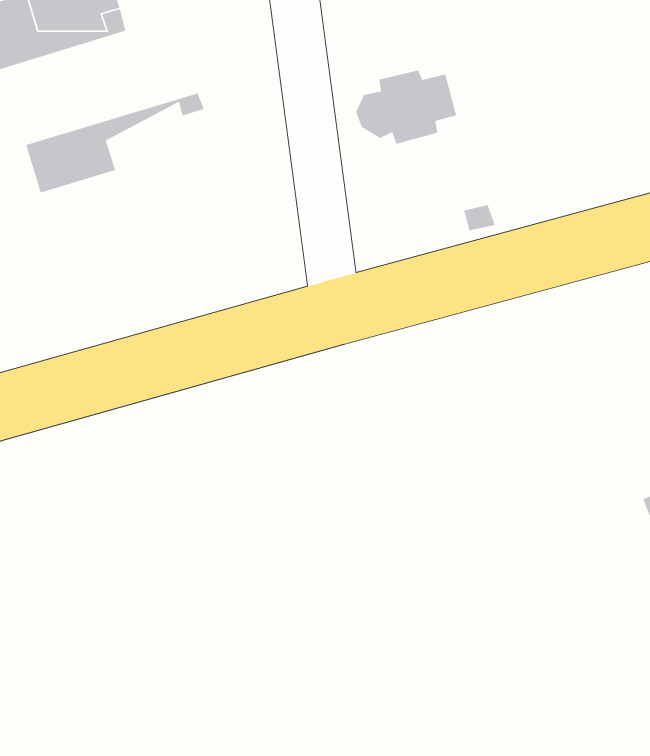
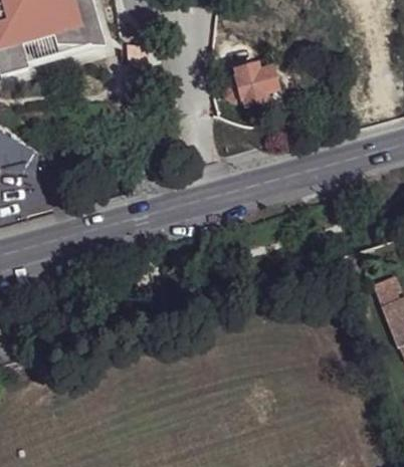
building: [25,92,205,194] -> none

